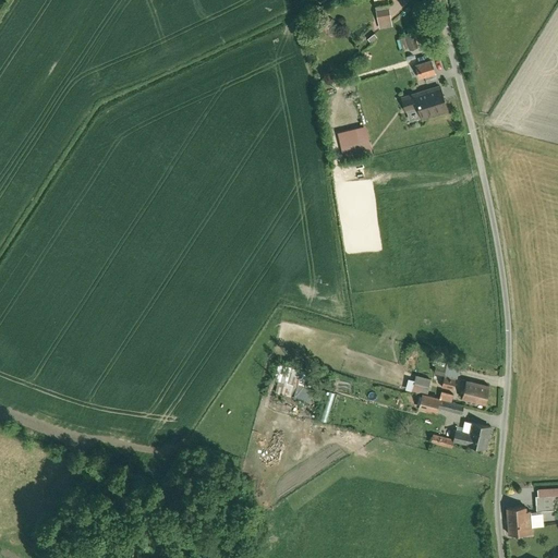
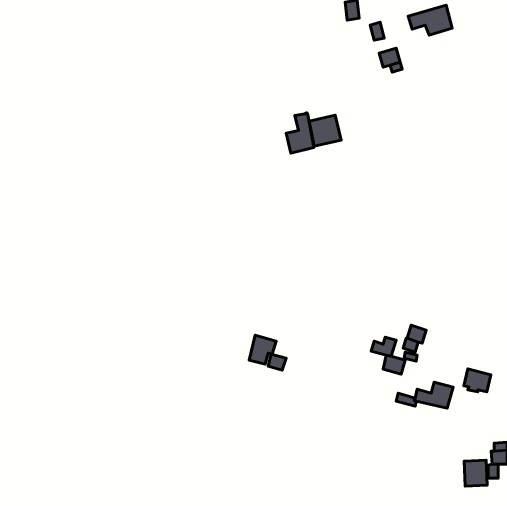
building: [400,84,448,117] -> [408,5,452,35]
building: none -> [286,113,314,153]
building: [461,379,490,404] -> [464,369,491,392]

